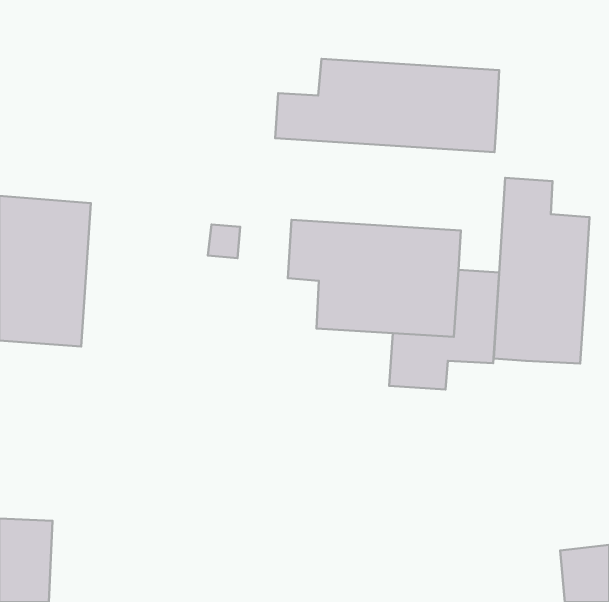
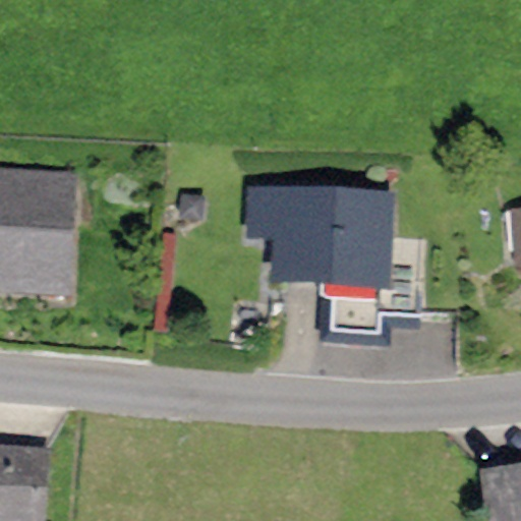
building: [275,59,499,152] -> none
building: [494,178,590,364] -> none

